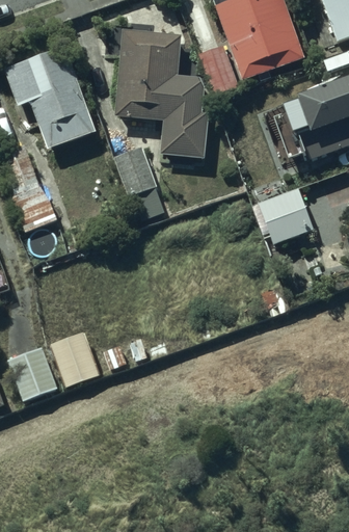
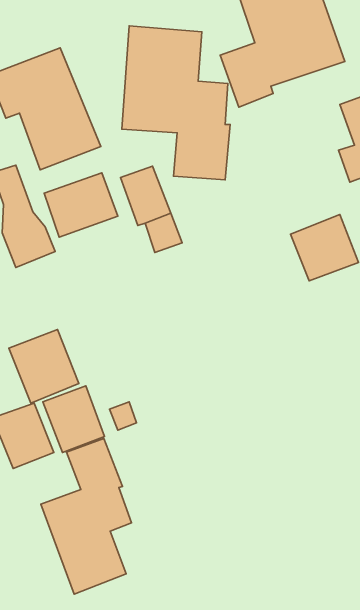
building: none -> [44,173,118,237]
building: none -> [9,329,79,403]
building: none -> [41,438,132,594]

